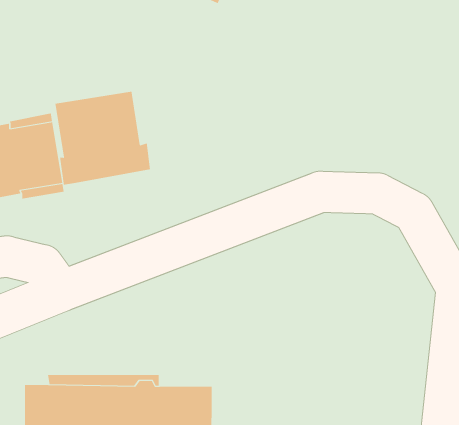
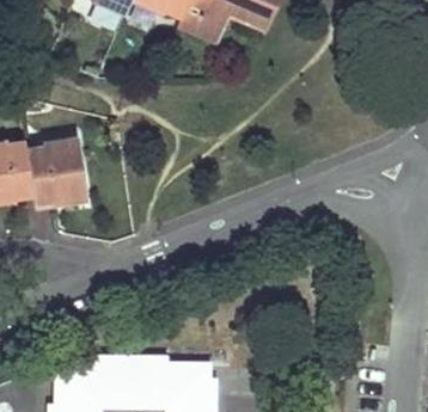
building: [55,91,151,186] -> none

